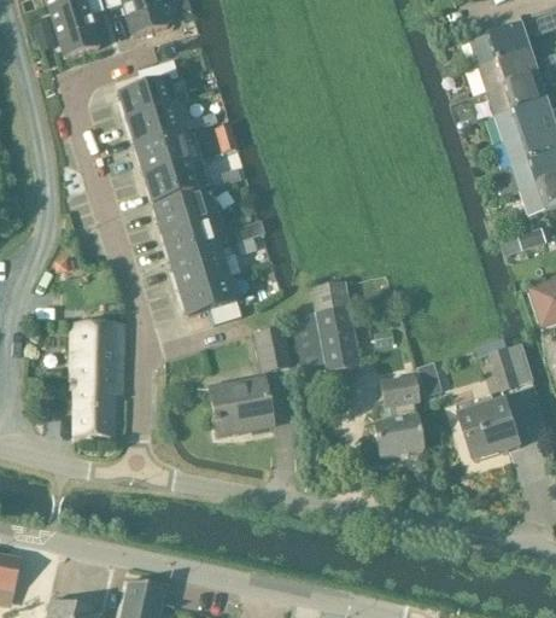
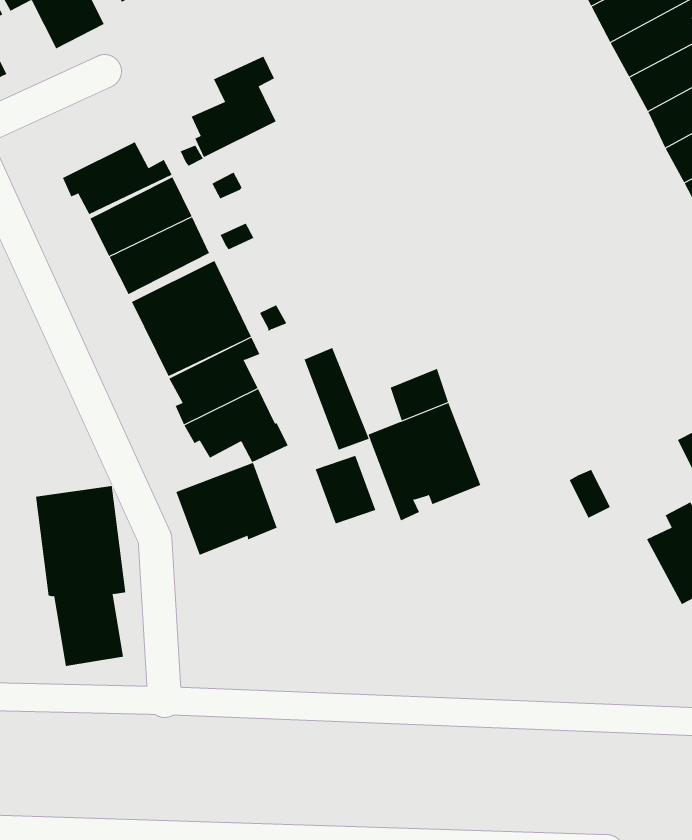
building: [119,62,177,121] -> [191,56,276,158]
building: none -> [304,347,369,450]
building: [374,378,422,457] -> none
building: [210,379,271,433] -> [176,462,277,556]

